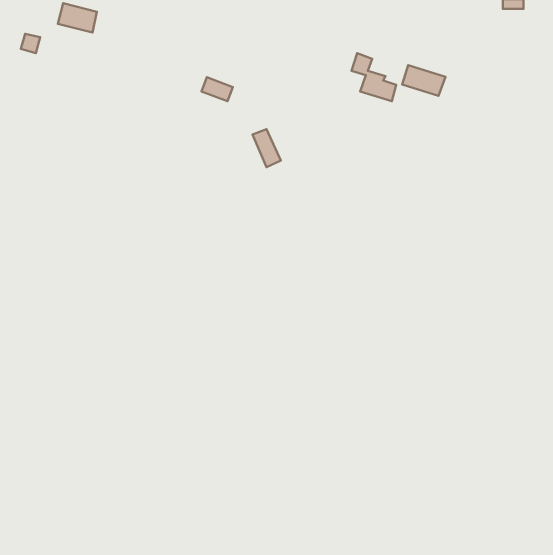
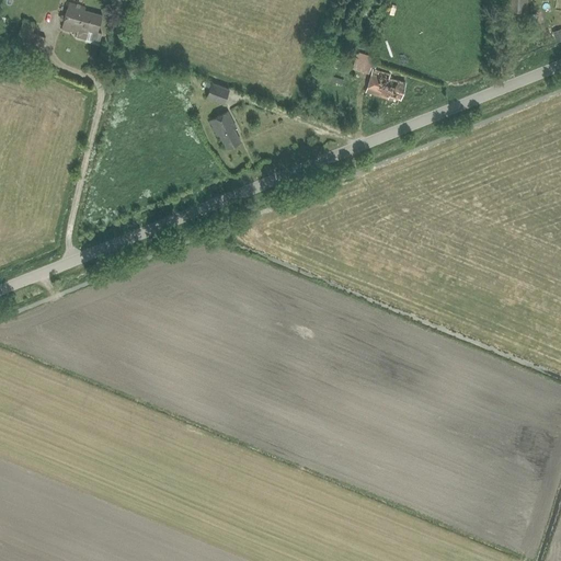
building: [402,65,445,96] -> none
building: [252,129,281,167] -> [211,111,240,149]

